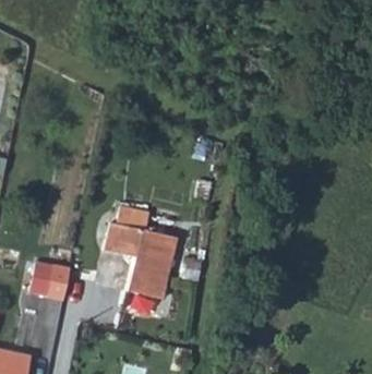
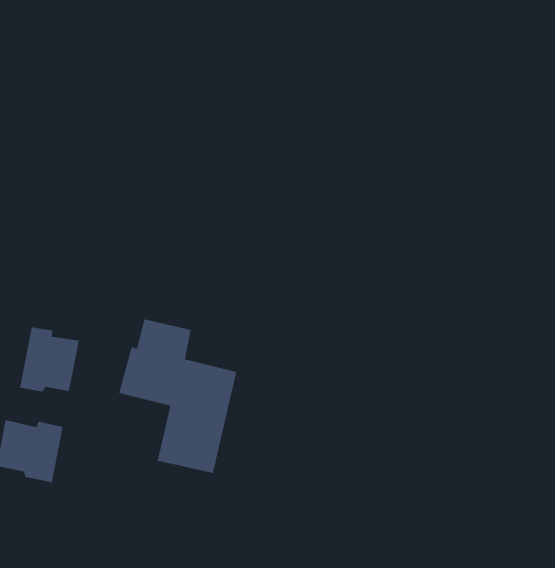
building: none -> [19,326,80,393]

